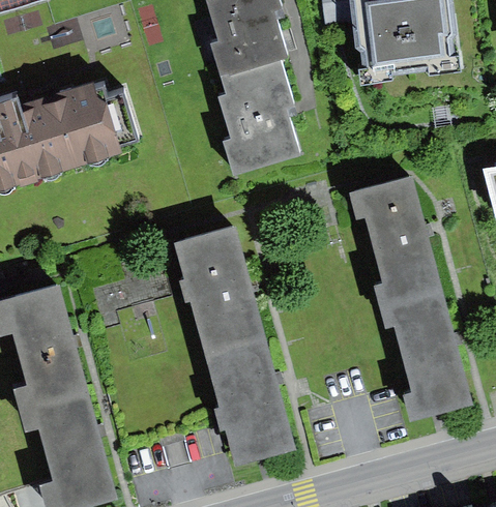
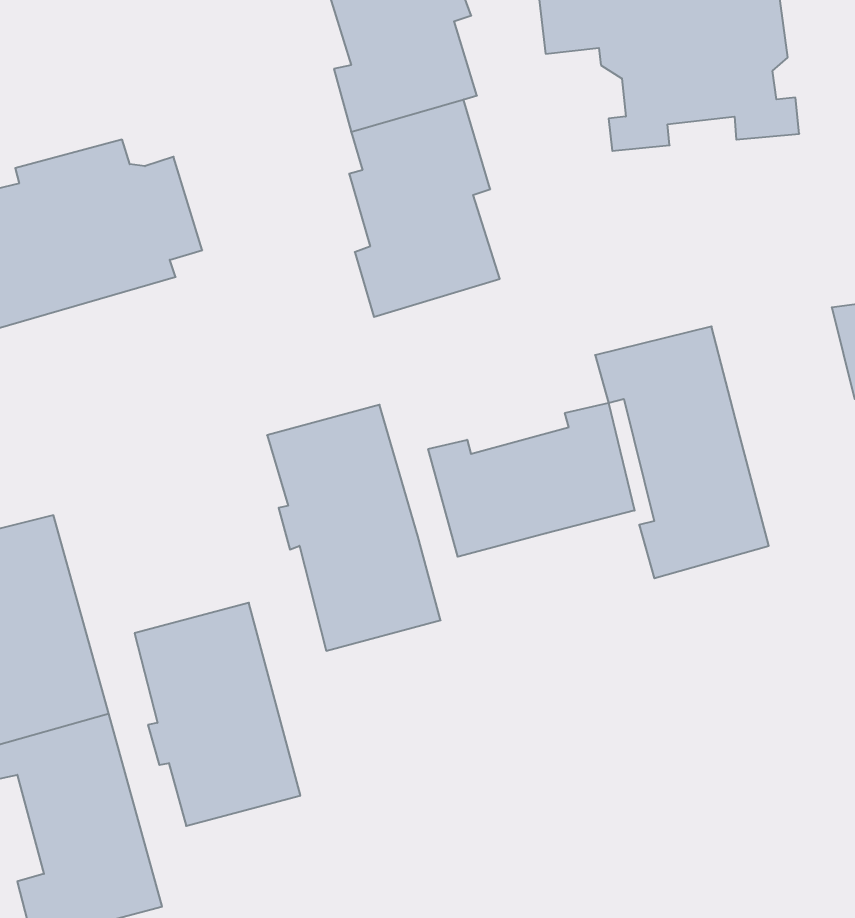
building: none -> [428,403,635,557]
building: [383,299,473,418] -> none
building: [205,339,295,460] -> [135,603,300,826]

